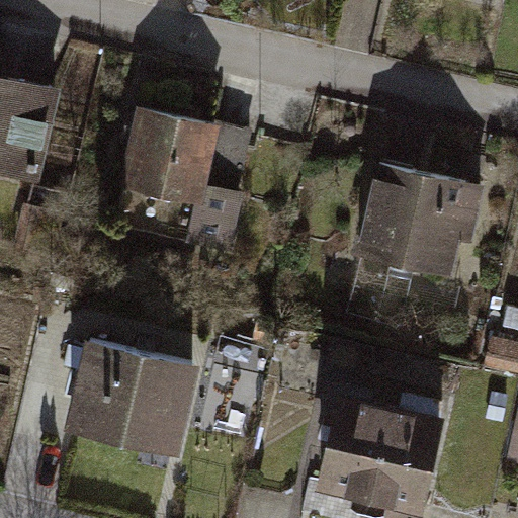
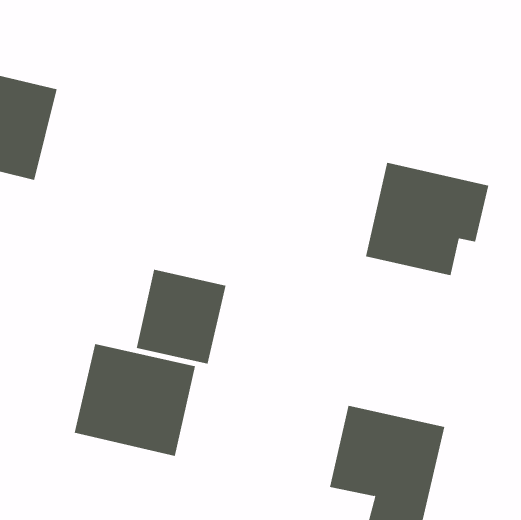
building: [116,112,247,248] -> none
building: none -> [136,269,226,365]

